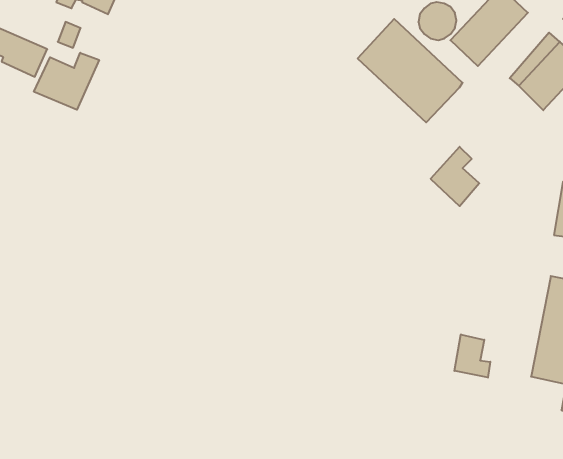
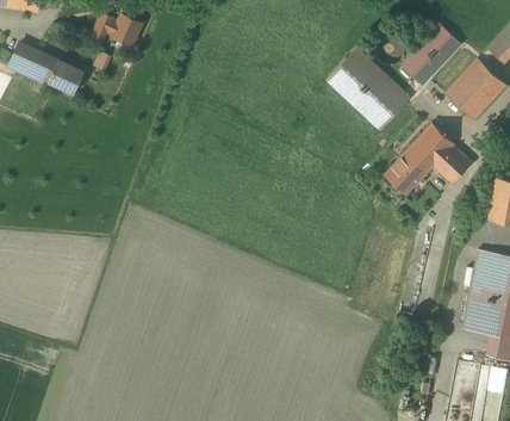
building: [34,53,99,110] -> none
building: none -> [406,122,472,184]
building: [454,334,490,378] -> none

